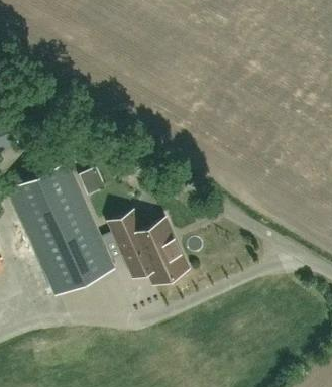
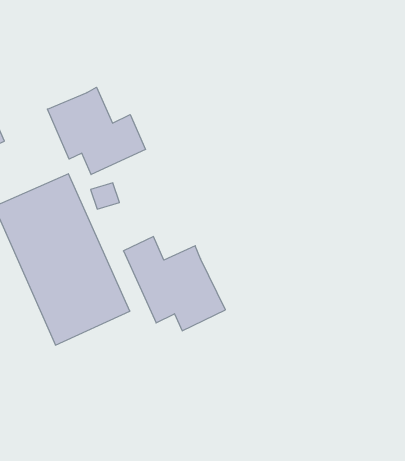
building: none -> [47,87,145,175]

